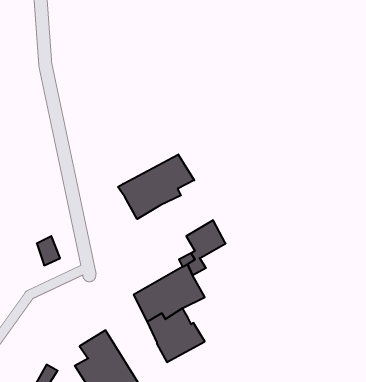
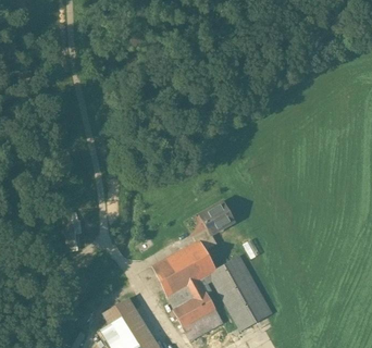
building: [118,154,194,219] -> none
building: none -> [196,254,272,330]
building: none -> [182,308,222,339]

